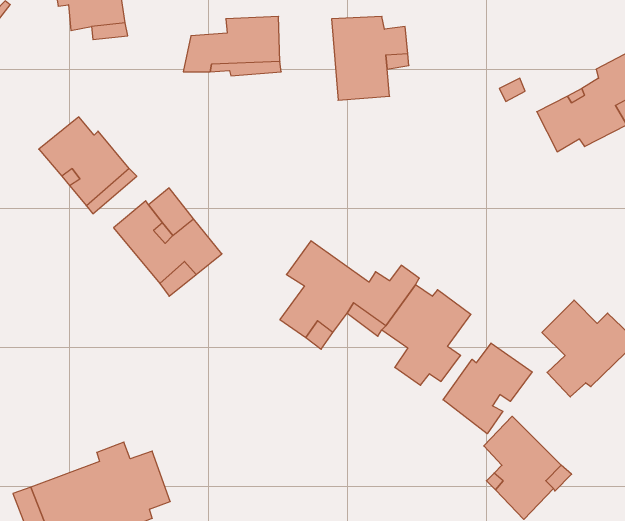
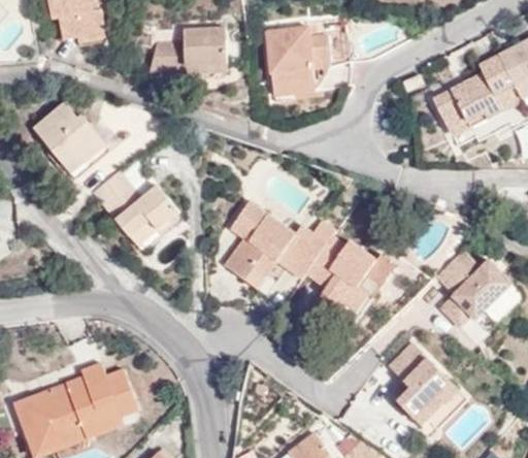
building: [443,343,532,434] -> none

